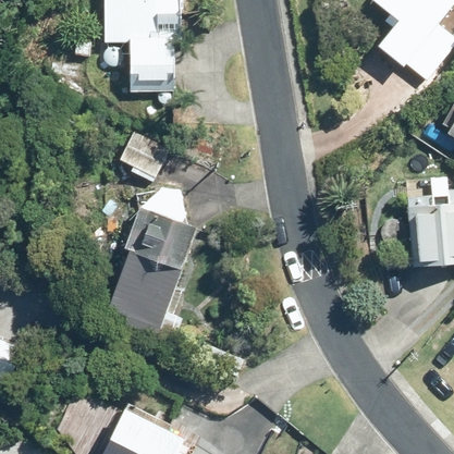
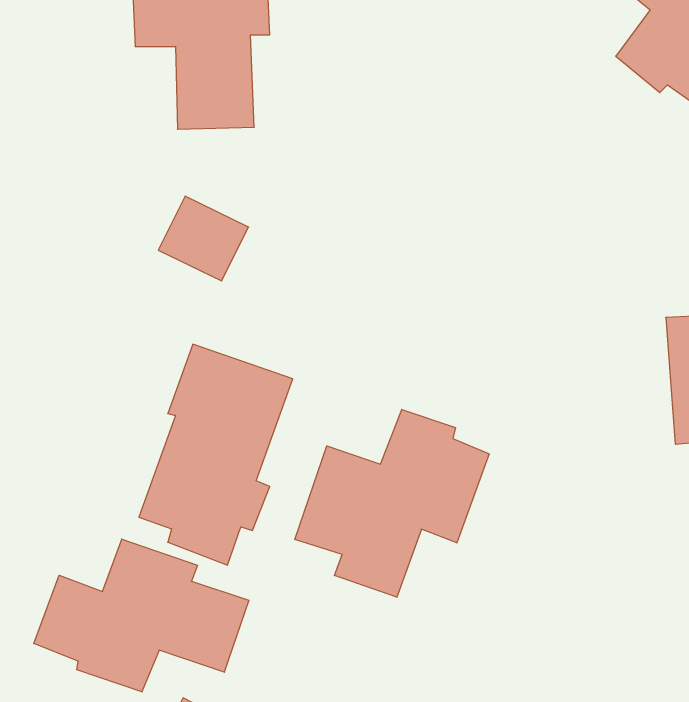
building: none -> [295,409,489,597]
building: none -> [34,539,249,692]

